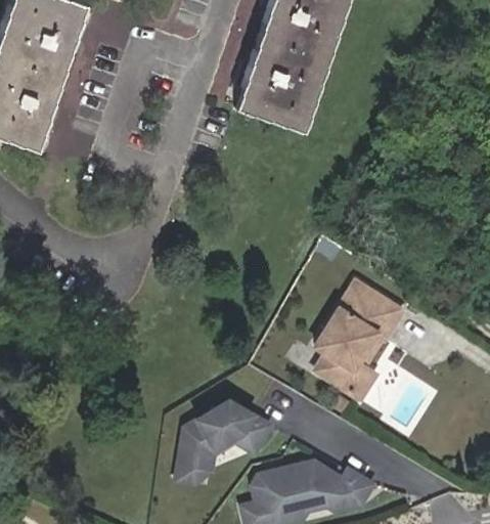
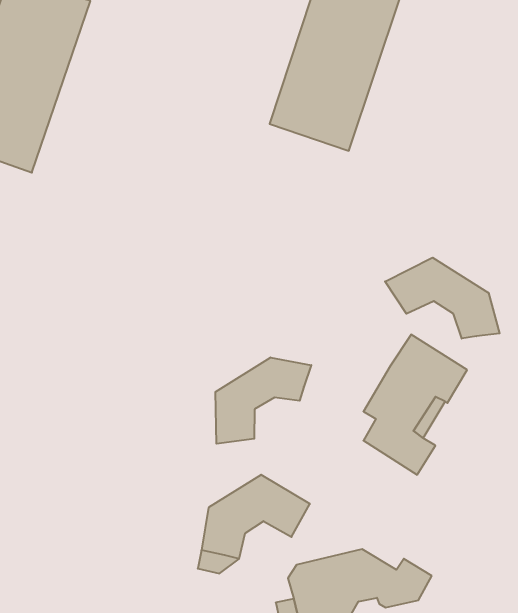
building: none -> [385,258,500,339]
building: none -> [216,357,311,444]

